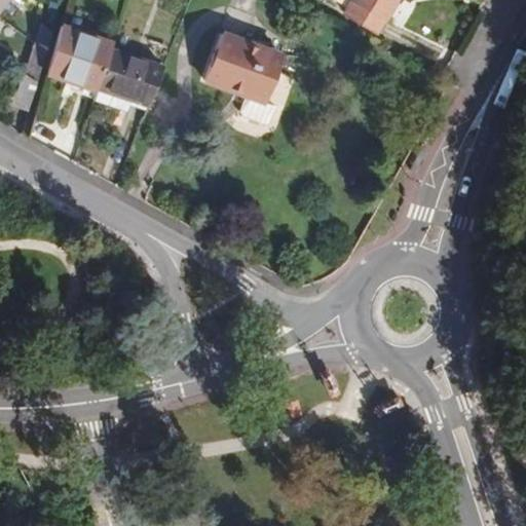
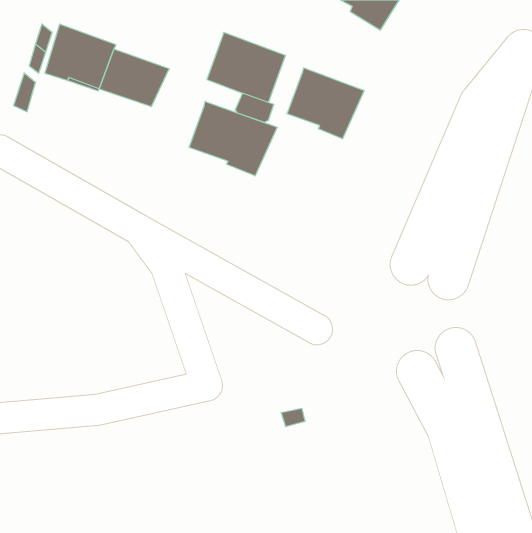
building: none -> [287,68,364,139]
building: none -> [189,101,277,176]

